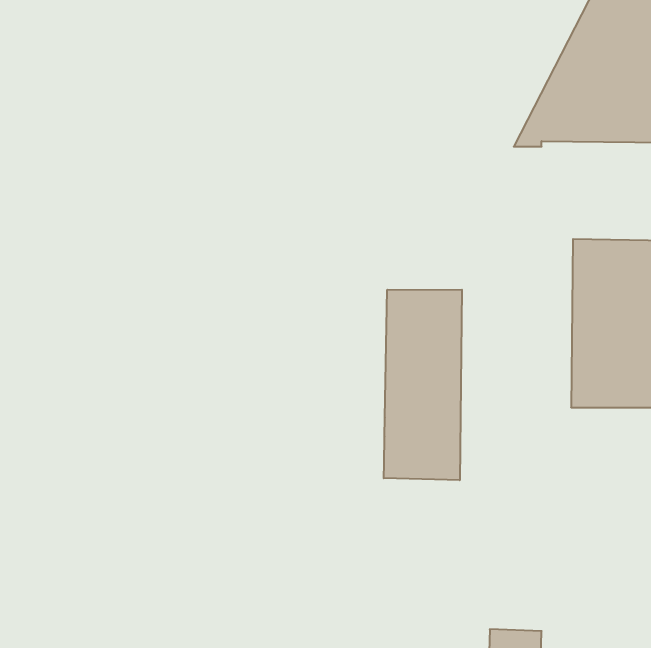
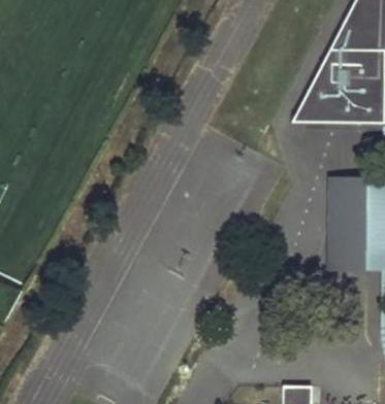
building: [384,290,462,480] -> none

